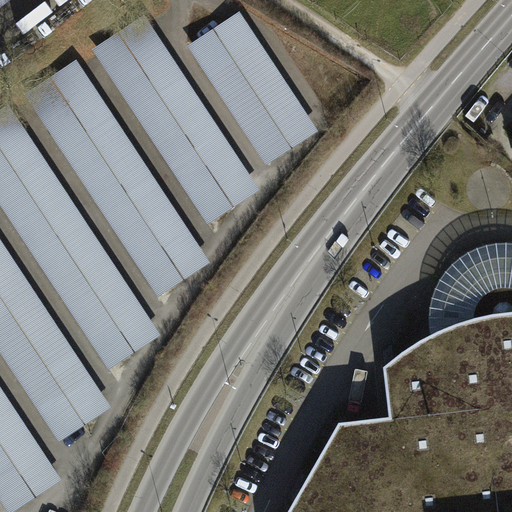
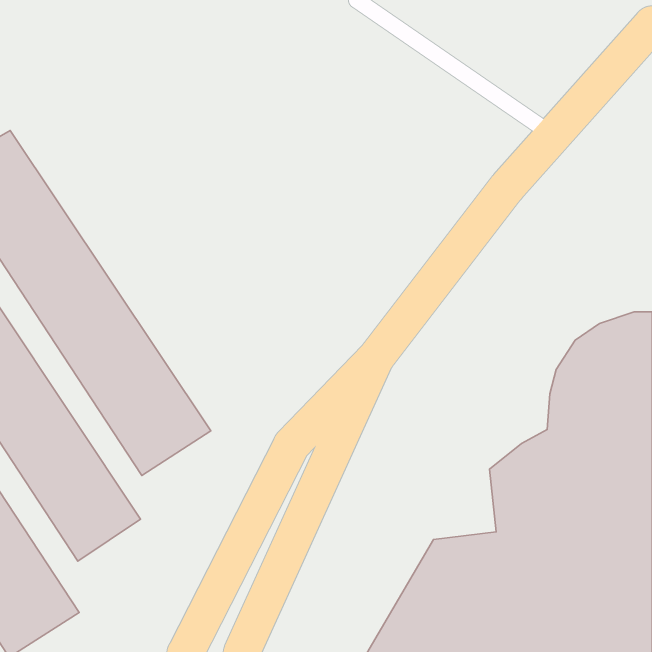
building: [191,15,316,162] -> none
building: [96,21,260,224] -> none
building: [25,63,208,295] -> none

